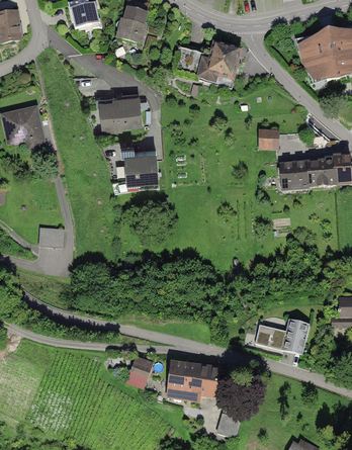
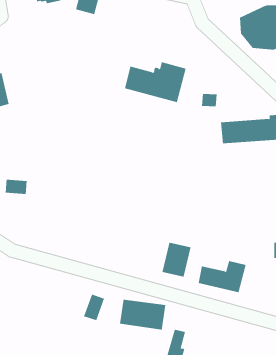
building: [172,40,242,87] -> [124,61,186,103]
building: [99,93,141,125] -> none
building: [124,149,158,178] -> none
building: none -> [162,242,191,277]

